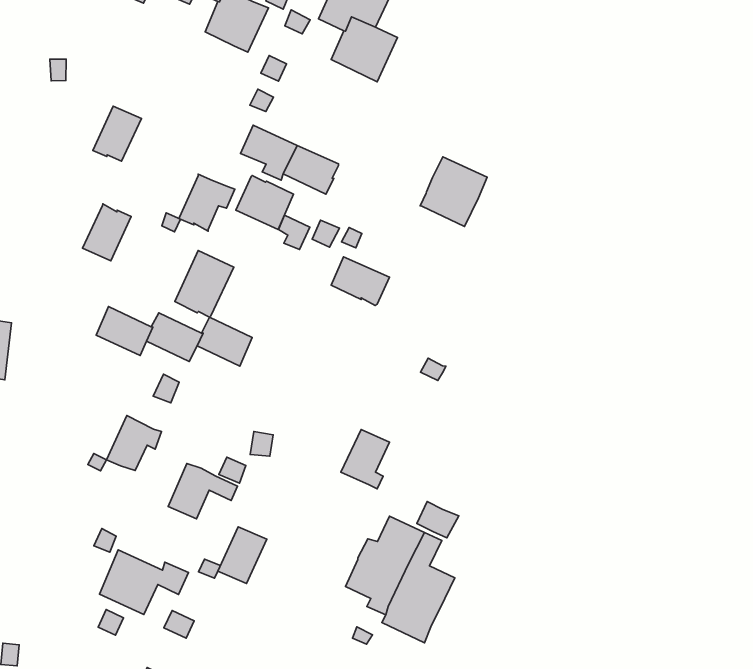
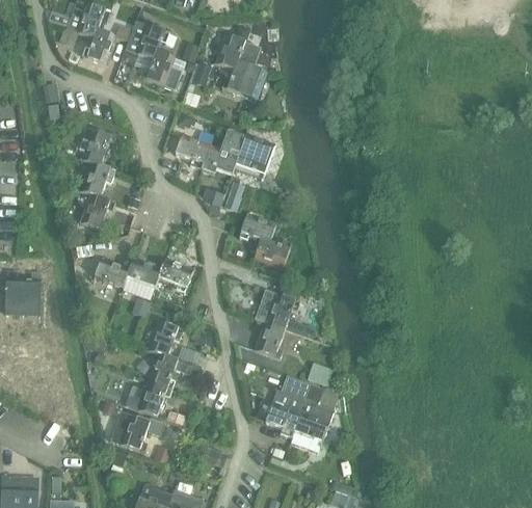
building: [420,157,487,226] -> [234,132,274,175]
building: [179,174,235,231] -> [81,162,114,197]
building: [236,176,294,230] -> none
building: [175,250,234,317] -> none
building: none -> [252,238,289,267]
building: none -> [255,288,301,332]
building: [106,415,162,470] -> [149,320,182,354]
building: [218,527,267,583] -> [138,380,167,416]

